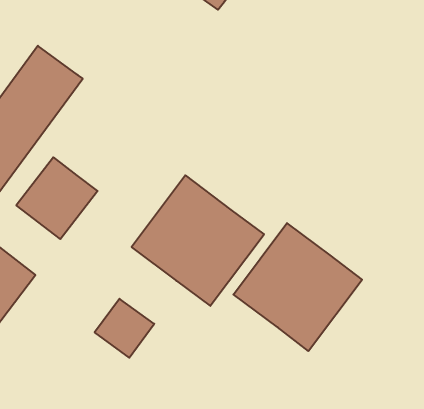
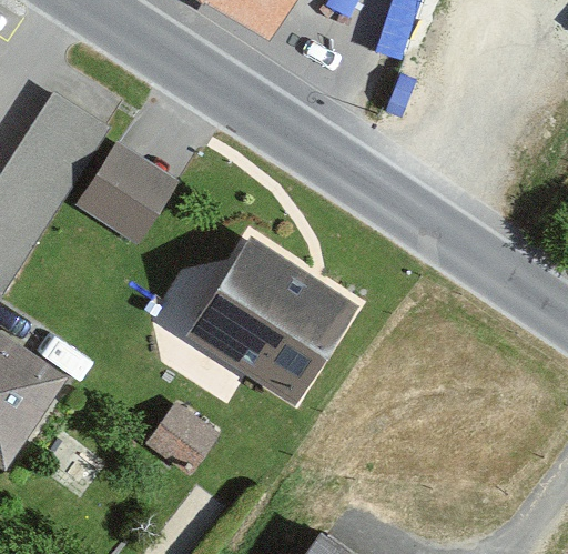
building: [16,157,98,239] -> [74,140,175,242]
building: [233,223,362,351] -> none

